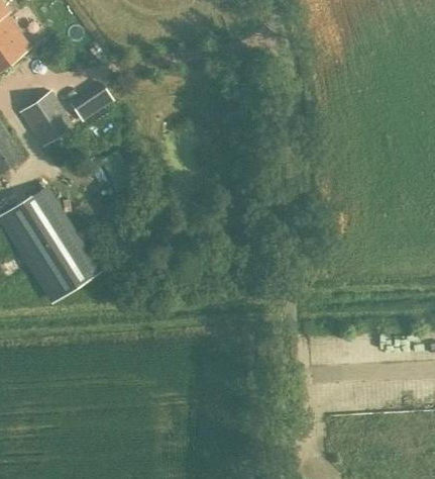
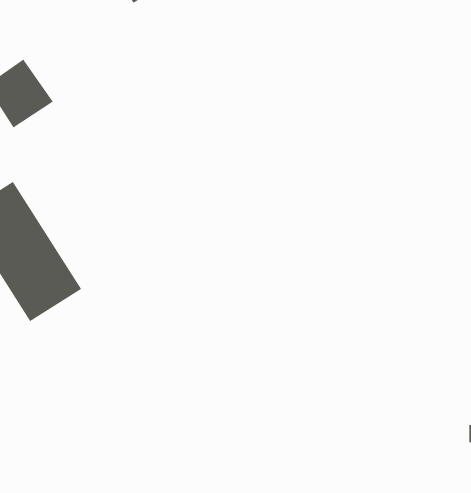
building: [73,85,114,122] -> none

